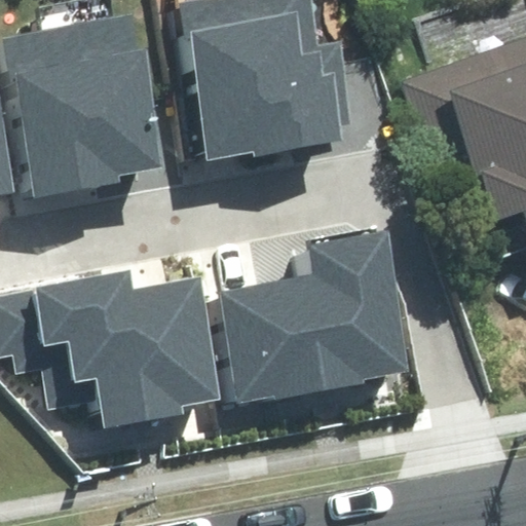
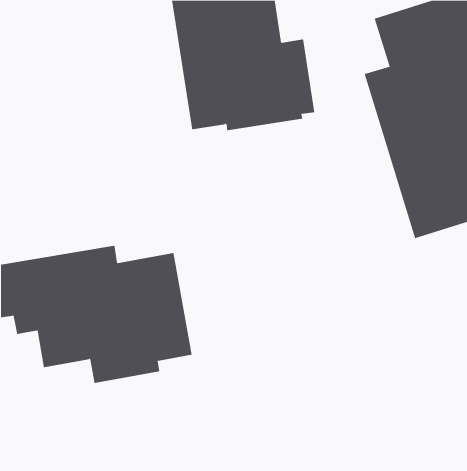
building: [16,17,156,187] -> none
building: [227,238,408,393] -> none

